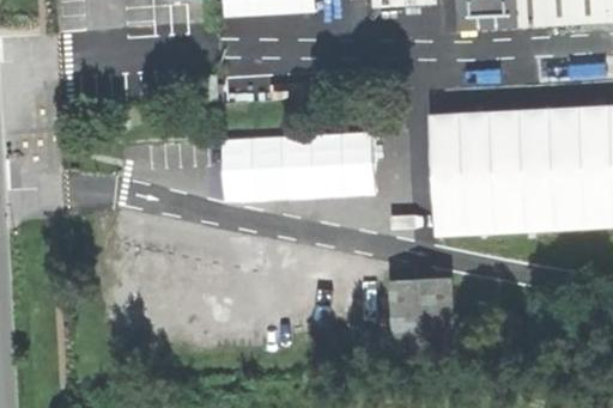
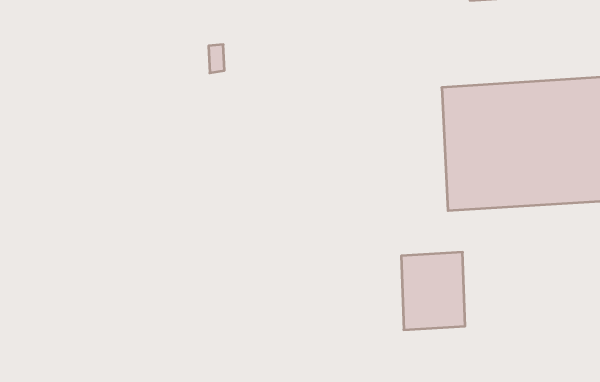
building: [219,129,381,200] -> none

